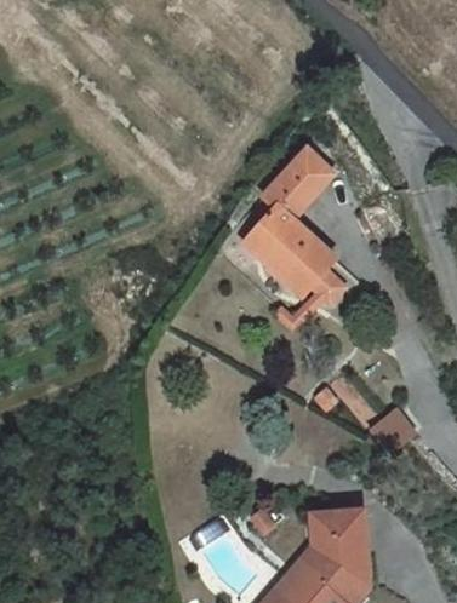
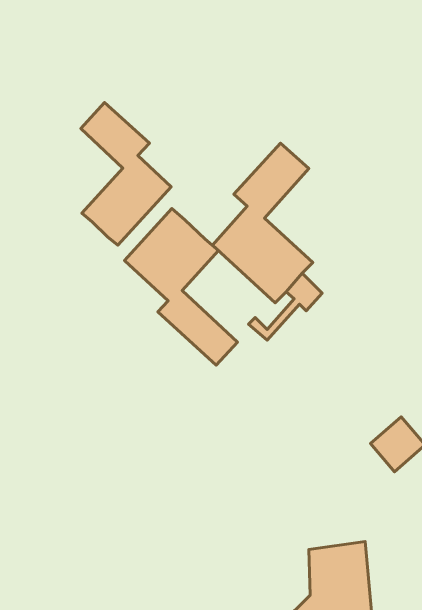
building: none -> [81,102,171,245]
building: none -> [124,208,238,365]

